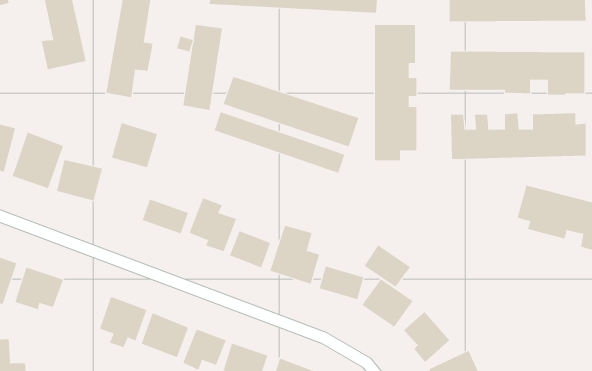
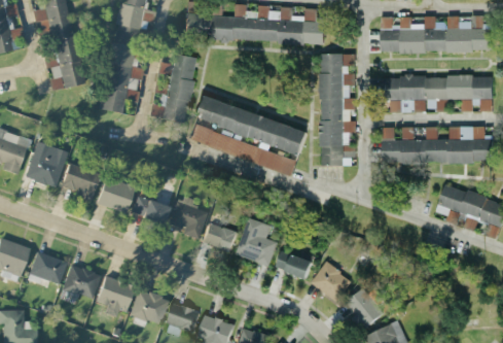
building: [111,122,158,168] -> [96,176,134,213]
building: [364,244,411,288] -> none
building: none -> [62,266,100,299]

